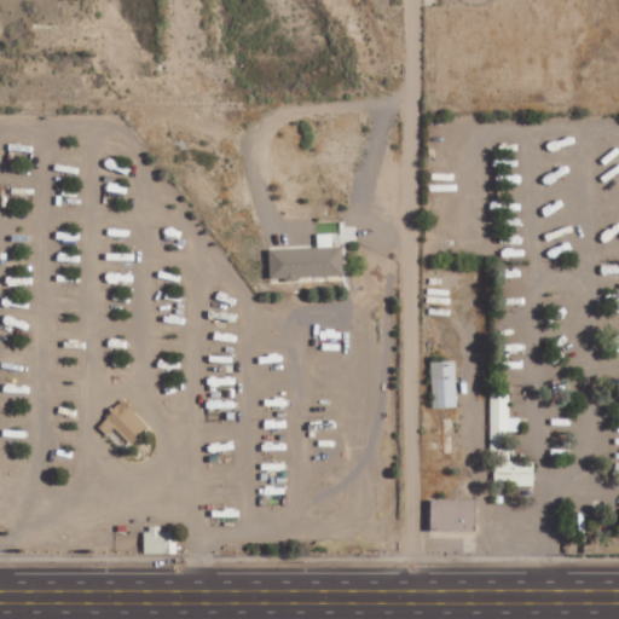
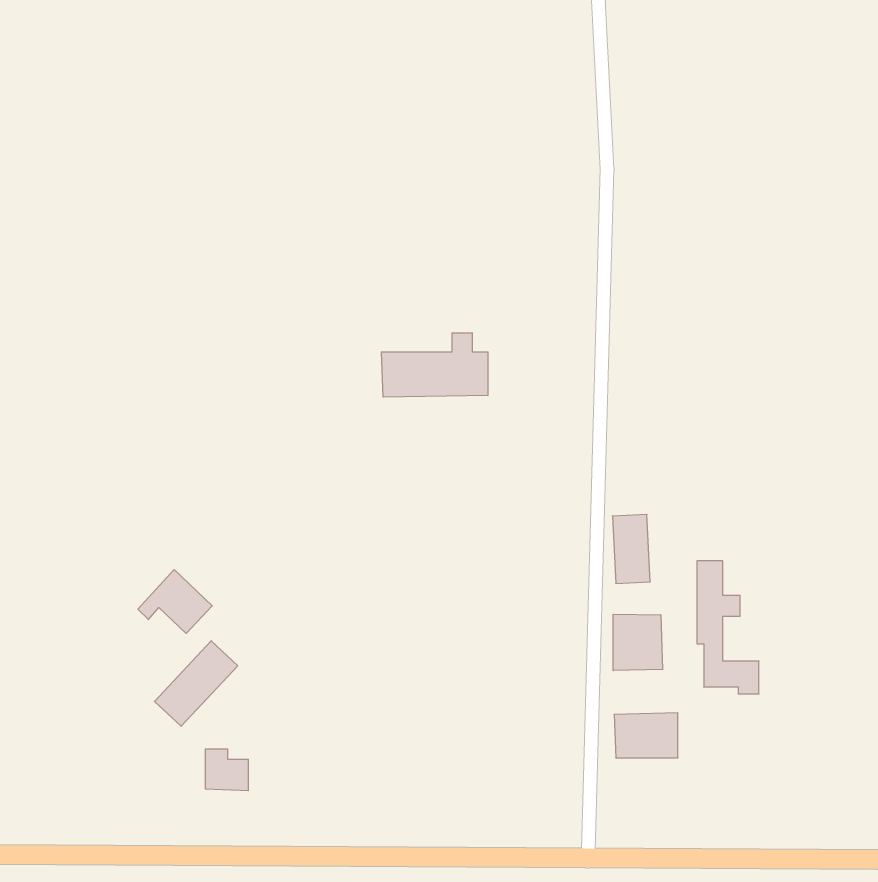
building: none -> [613,614,663,671]
building: none -> [154,641,238,726]

